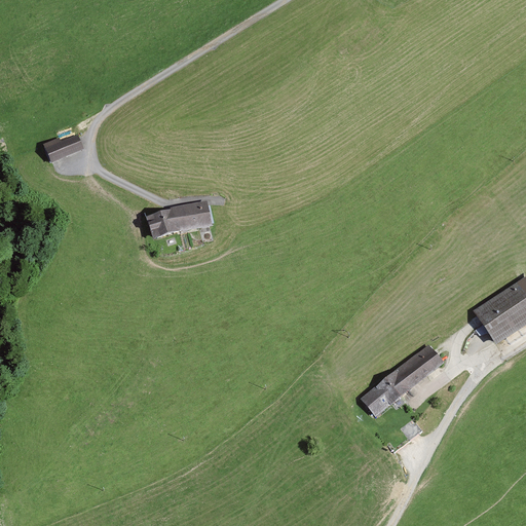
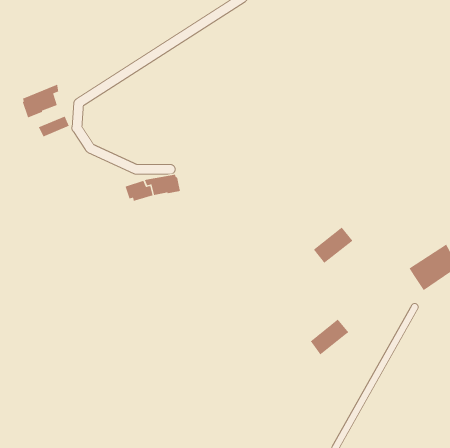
building: none -> [21,83,59,118]
building: [394,344,442,387] -> [313,227,353,264]

